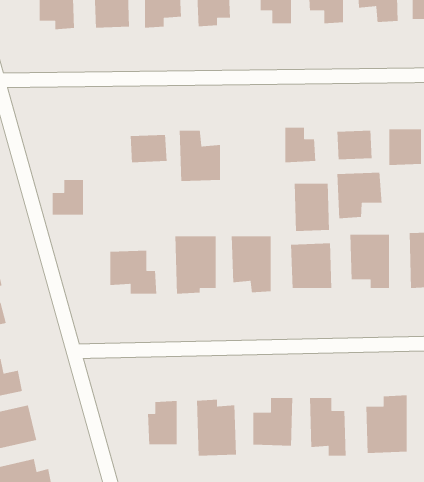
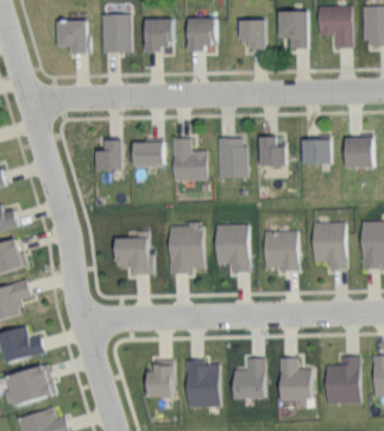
building: [337,172,383,219] -> none
building: [52,179,84,215] -> [95,138,121,168]
building: [294,183,330,232] -> [218,137,247,177]

